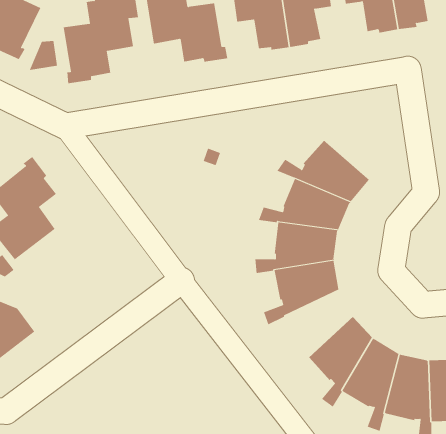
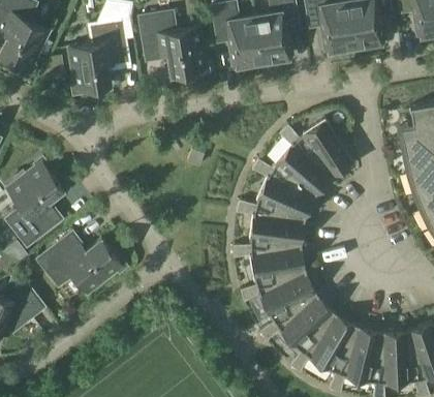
building: none -> [279,120,354,179]
building: none -> [37,233,127,295]
building: none -> [258,272,317,342]

